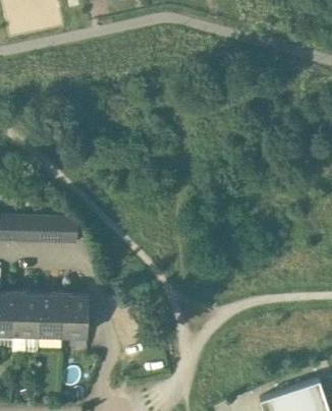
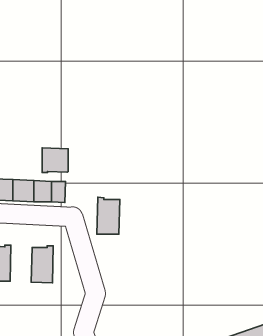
building: none -> [42,148,68,173]
building: [13,294,39,337] -> none
building: [62,295,89,338] -> [97,197,120,234]

